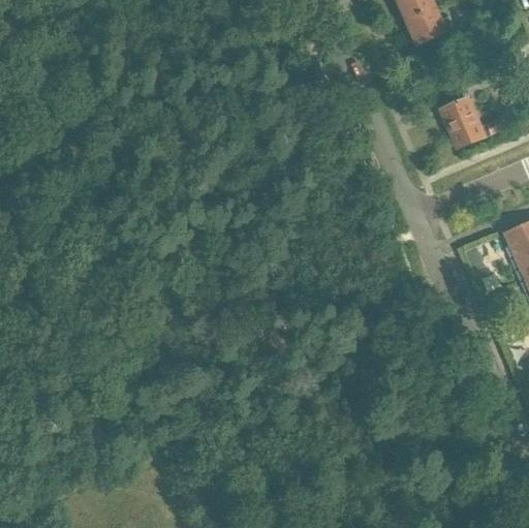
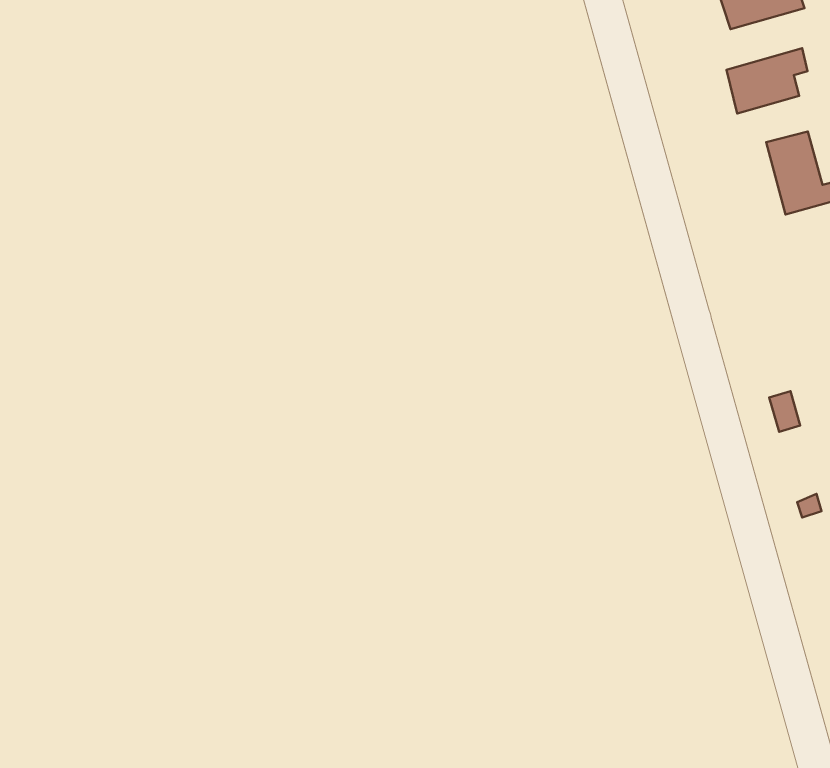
building: none -> [726,48,807,113]

